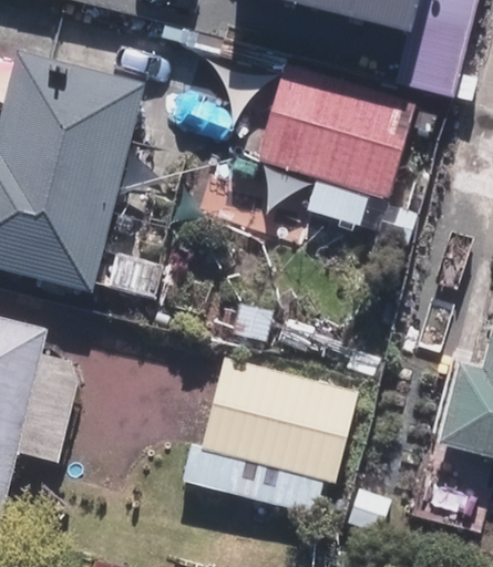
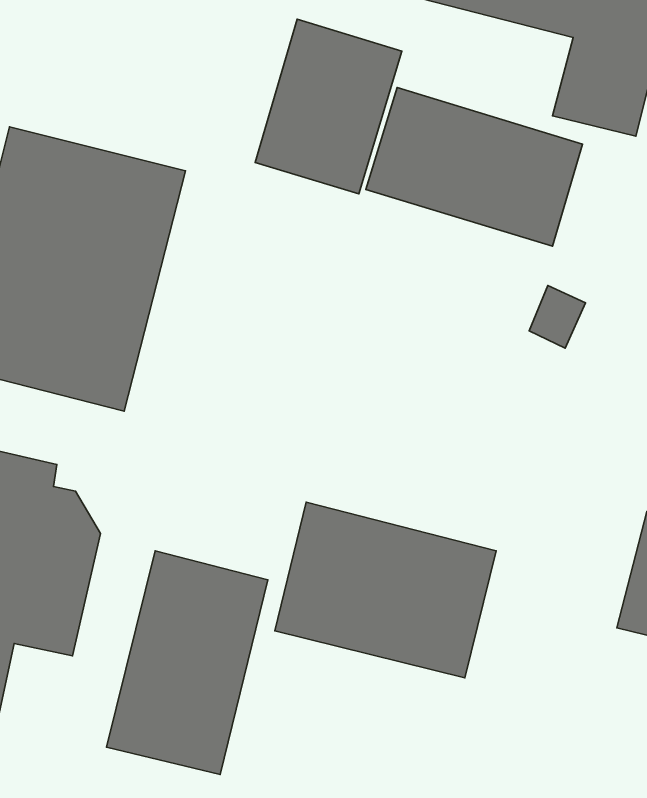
building: none -> [255,19,402,194]
building: none -> [107,551,268,775]

